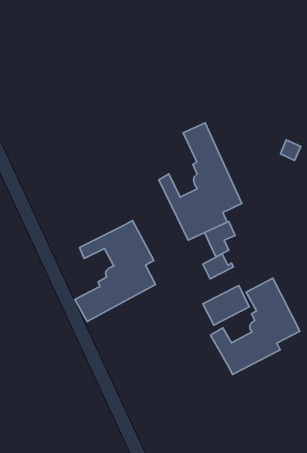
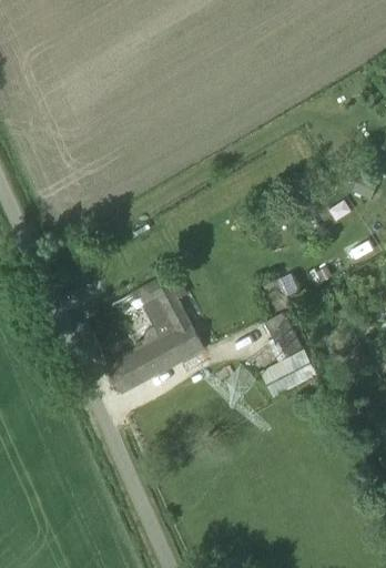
building: [159,123,242,240] -> none
building: [211,278,300,375] -> none

